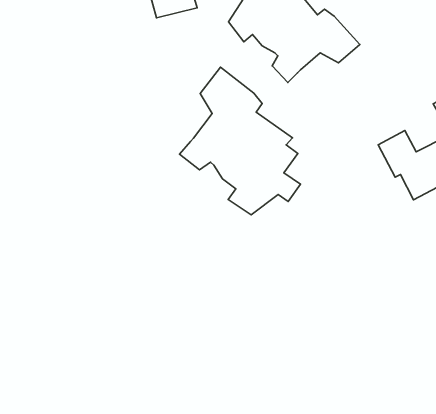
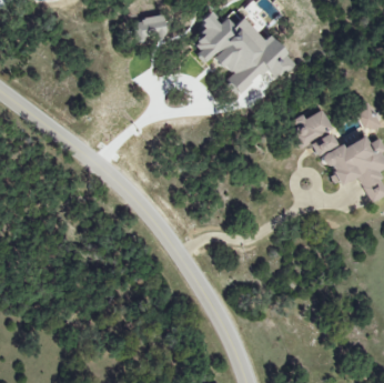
building: [180,67,301,215] -> none
building: none -> [291,108,333,147]

